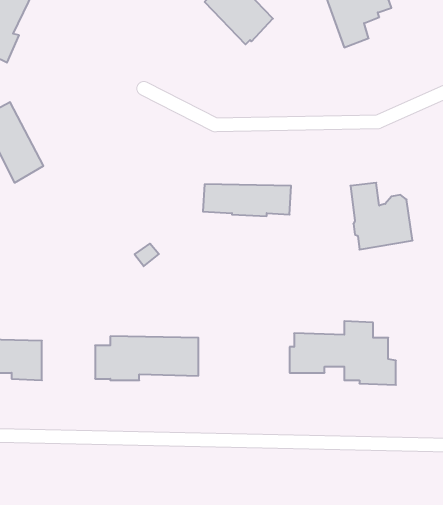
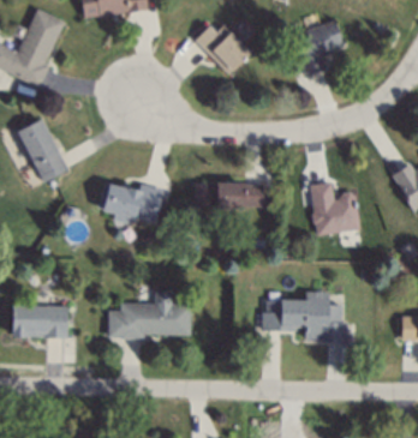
building: none -> [97,182,163,223]

